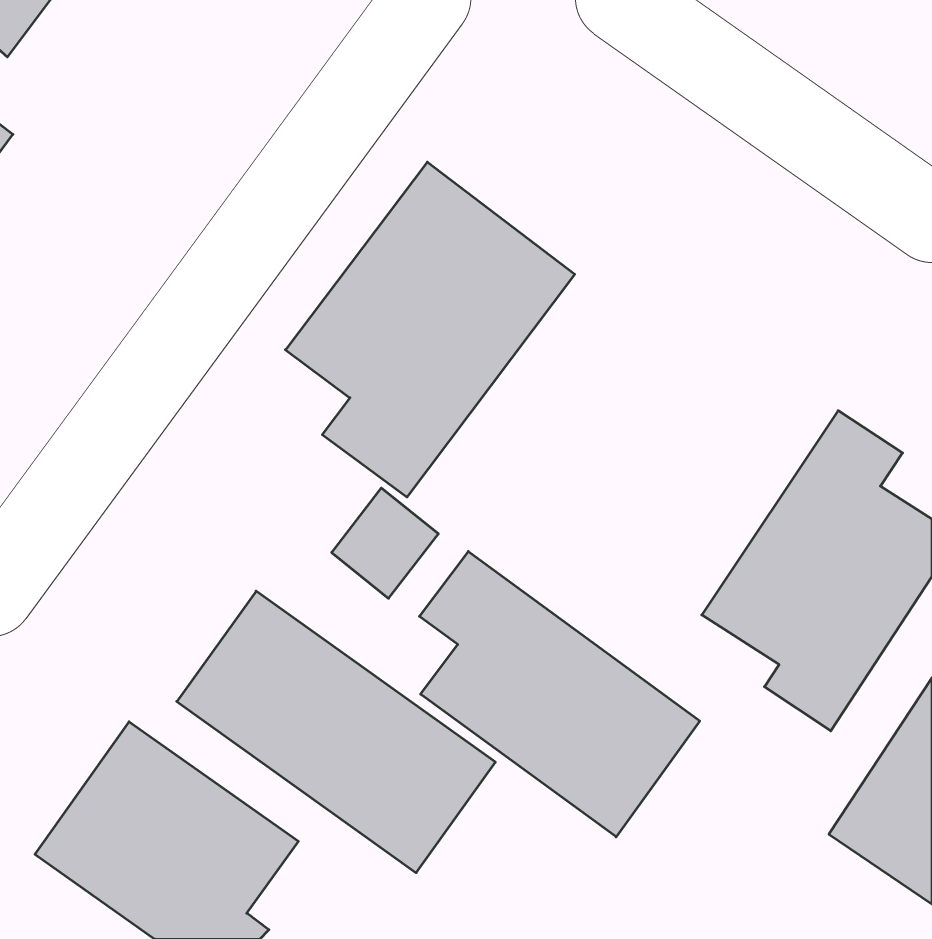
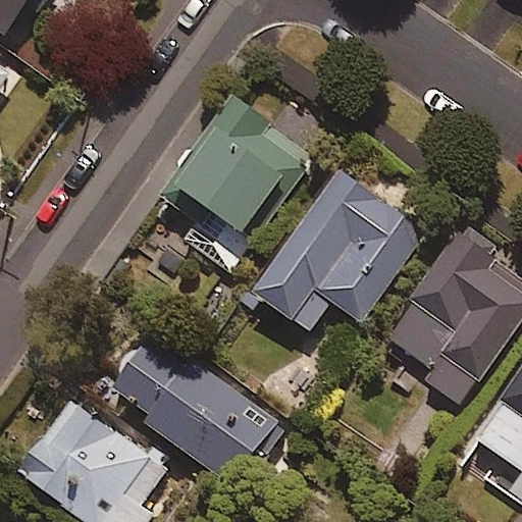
building: none -> [254,182,426,331]
building: [419,551,700,837] -> none

